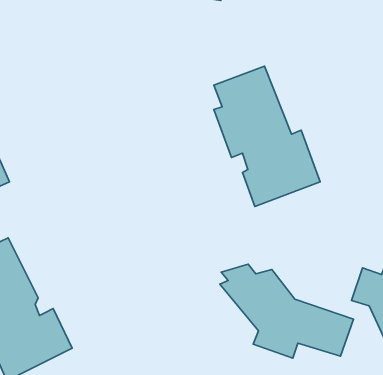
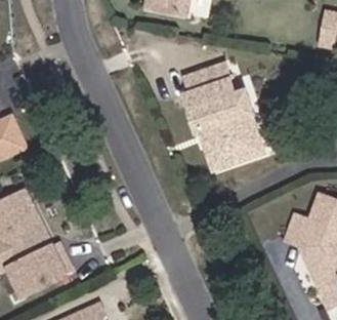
building: [220,264,353,358] -> none

